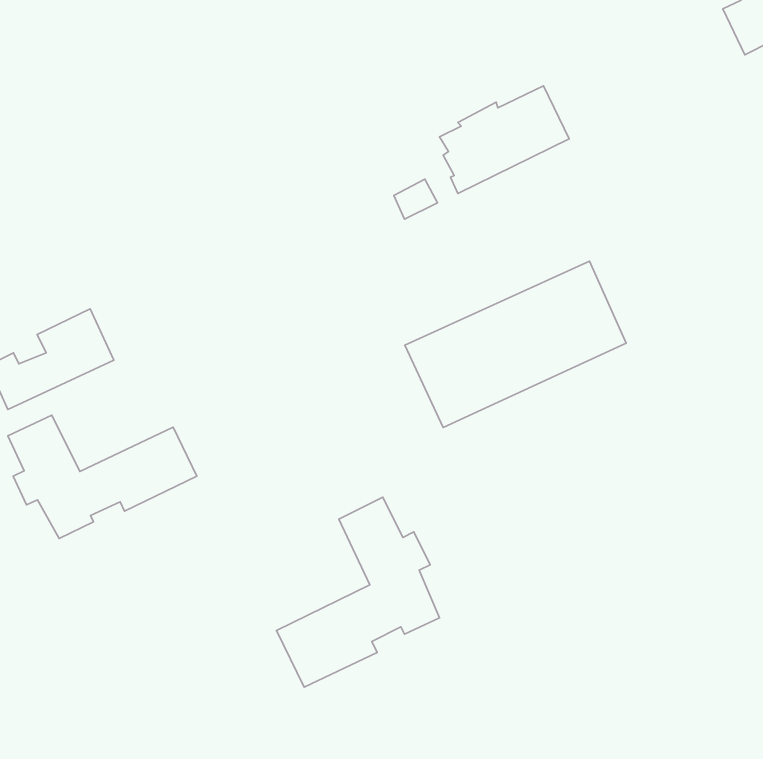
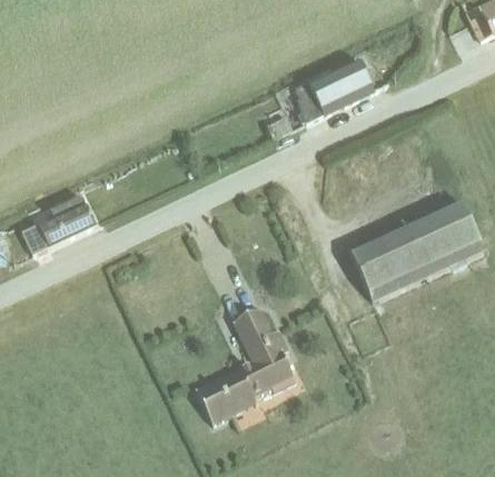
building: [405,261,626,427] -> [350,200,485,301]
building: [8,415,197,539] -> none

